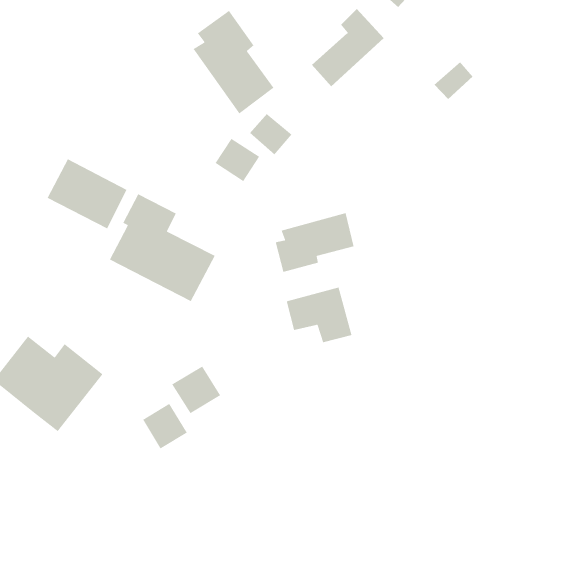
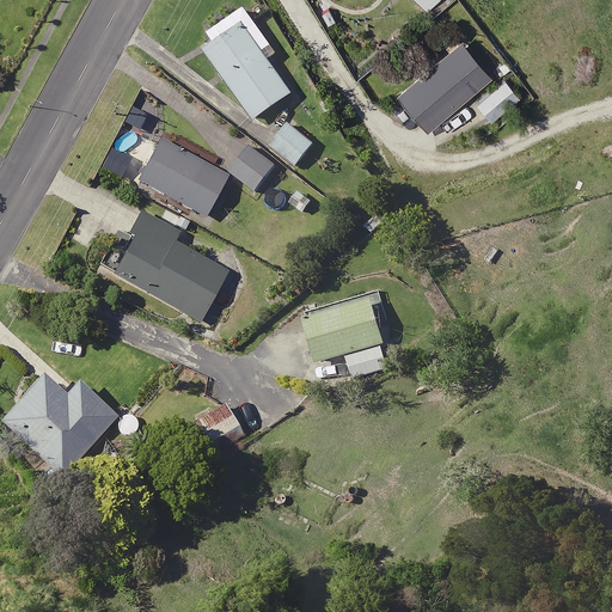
building: [311,8,385,87] -> [399,33,478,118]
building: [46,158,128,229] -> [139,142,226,219]
building: [275,212,354,273] -> none
building: [142,403,188,449] -> none

